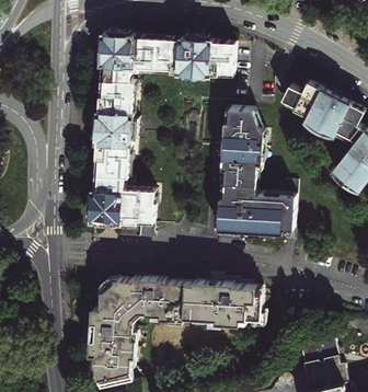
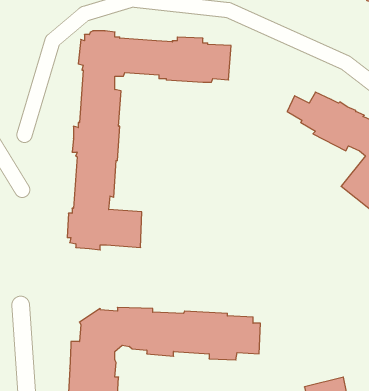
building: [221,106,286,231] -> none

